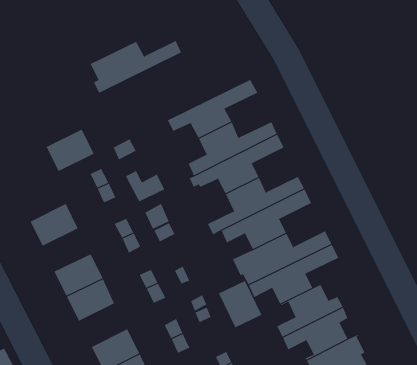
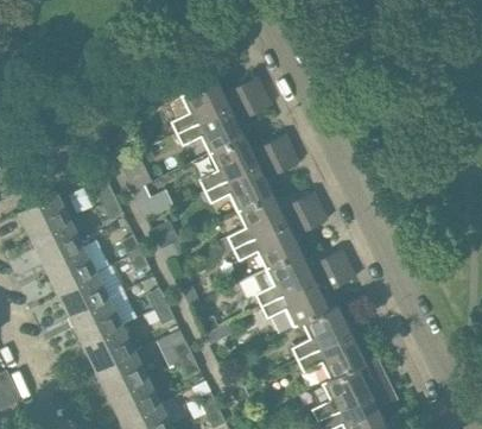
building: [90,40,182,94] -> [166,77,262,133]
building: [46,129,95,172] -> [19,194,70,239]
building: none -> [45,246,96,291]
building: [218,280,262,328] -> none
building: none -> [83,324,134,370]

